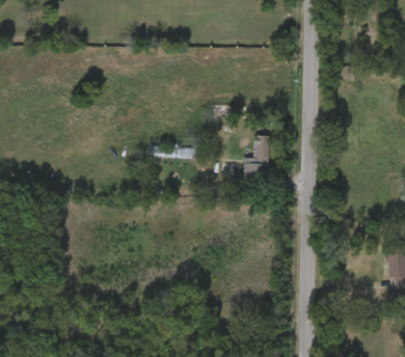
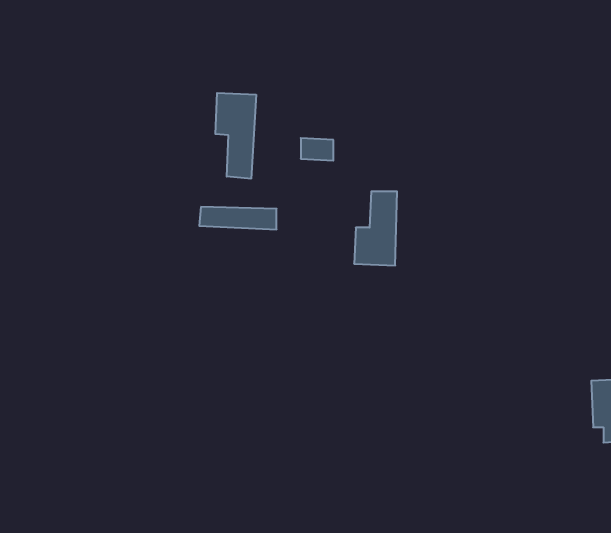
building: none -> [215,93,256,179]

